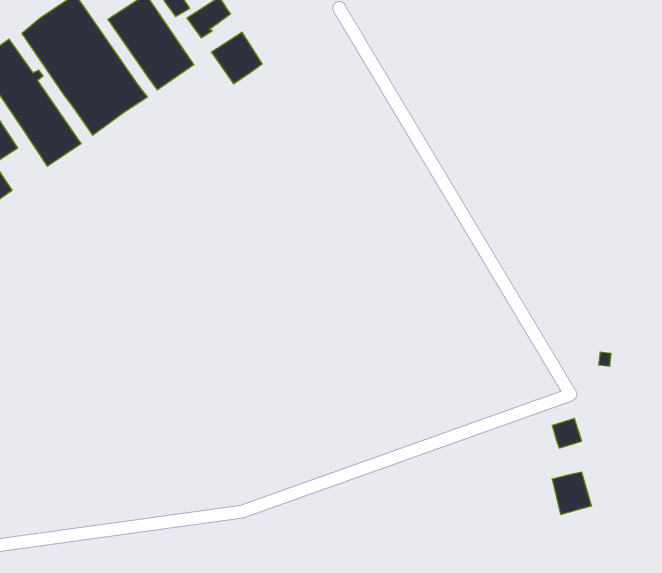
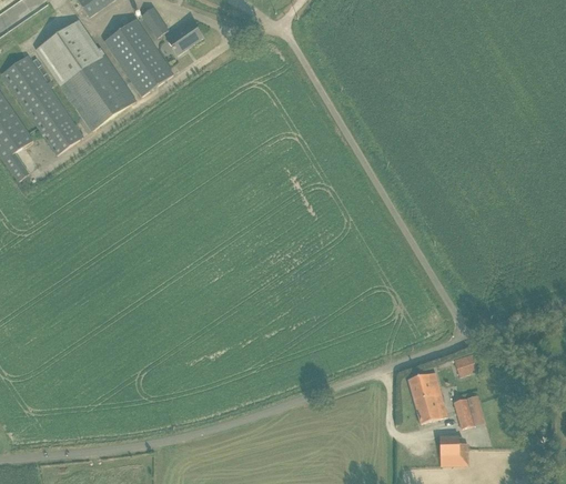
building: [211,32,262,84] -> none
building: none -> [408,372,446,422]
building: none -> [439,435,468,466]

